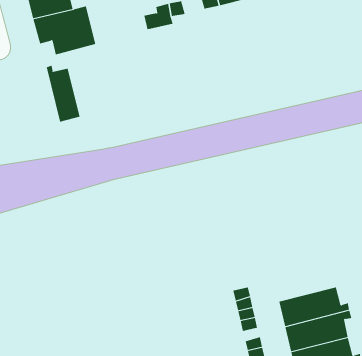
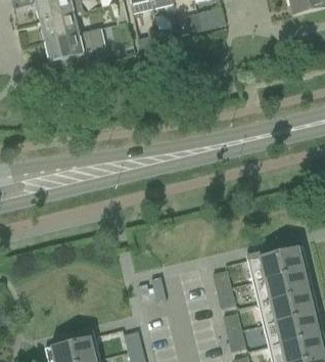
building: [46,65,80,123] -> none
building: none -> [246,245,305,281]

